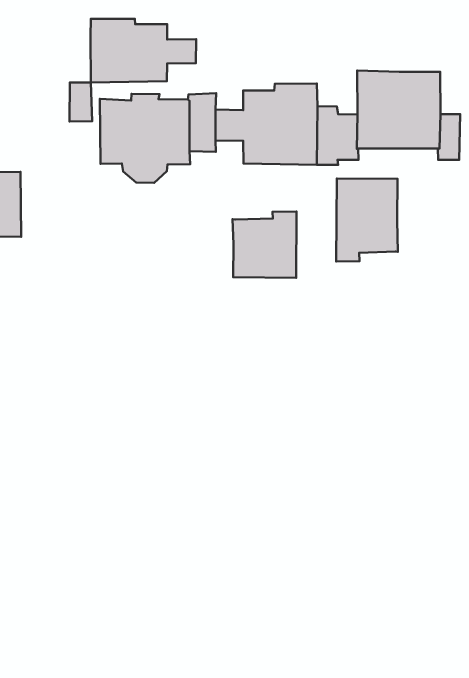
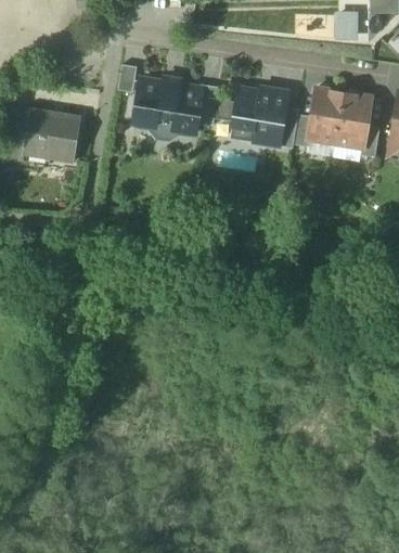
building: [91,19,196,82] -> none
building: [336,179,398,262] -> none
building: [233,211,296,278] -> none

